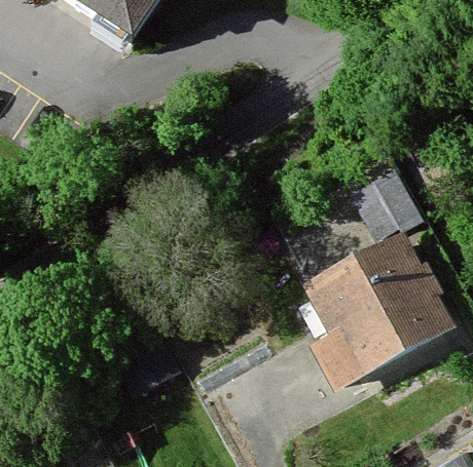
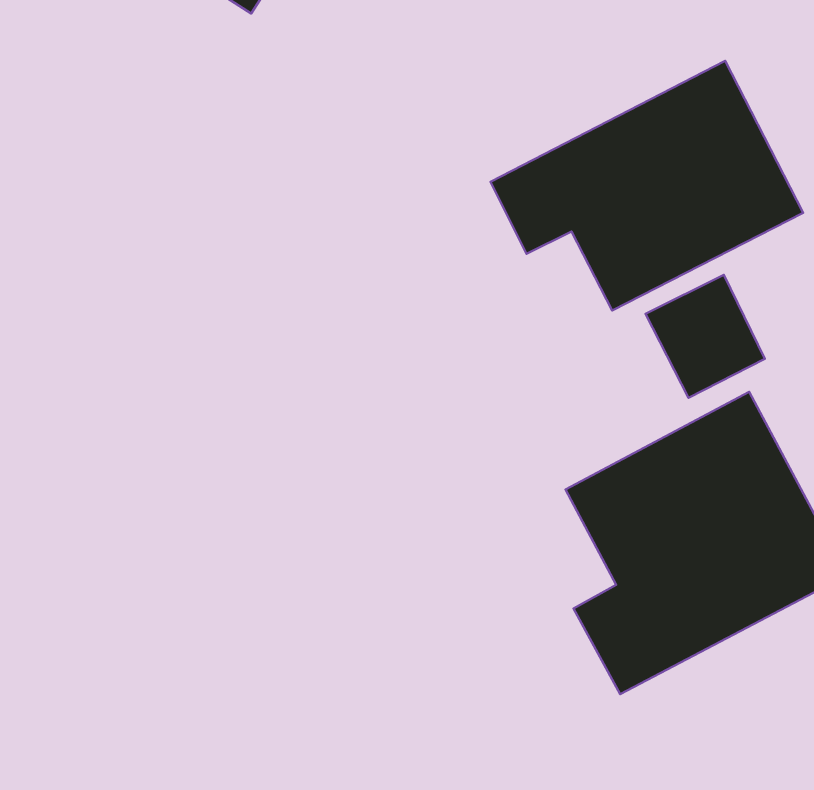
building: none -> [491,61,803,311]

